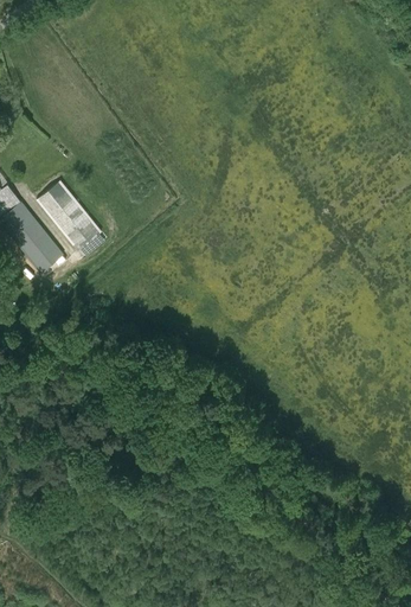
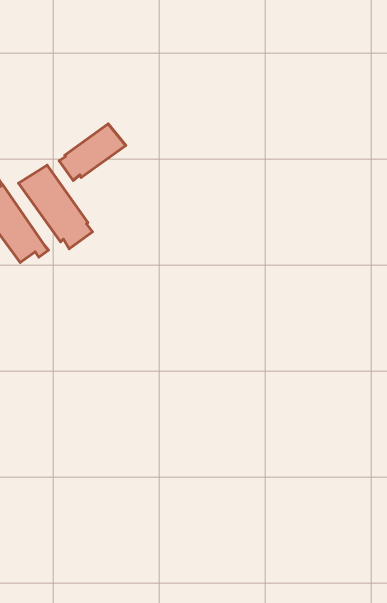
building: none -> [59,124,126,180]

